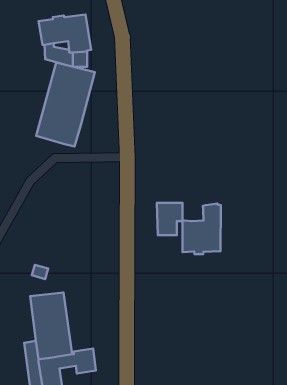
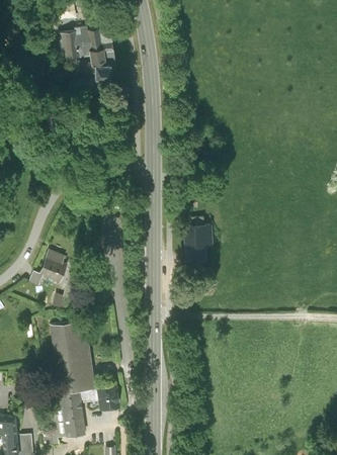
building: [36,63,95,147] -> none
building: [183,203,221,254] -> none
building: none -> [29,250,68,286]

